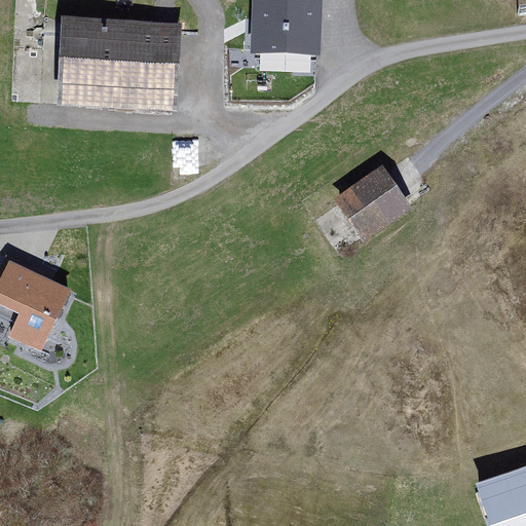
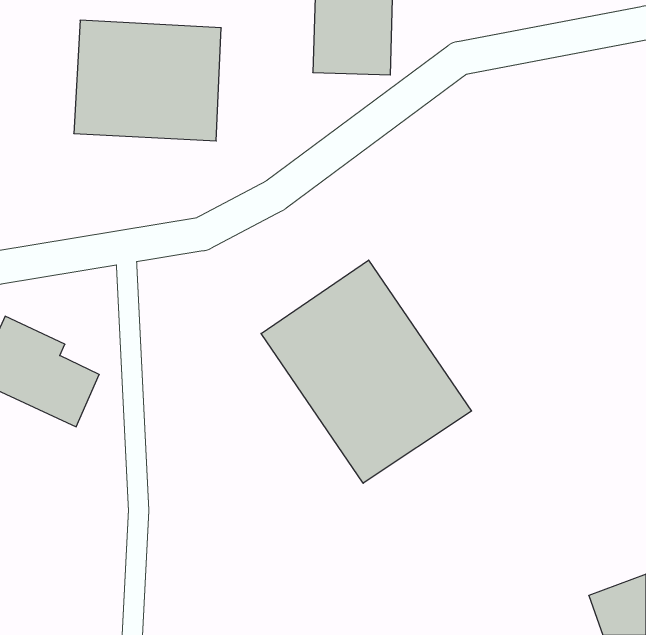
building: [330,161,410,238] -> none
building: none -> [261,260,472,483]

